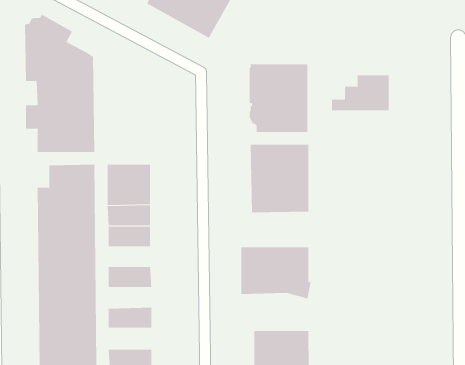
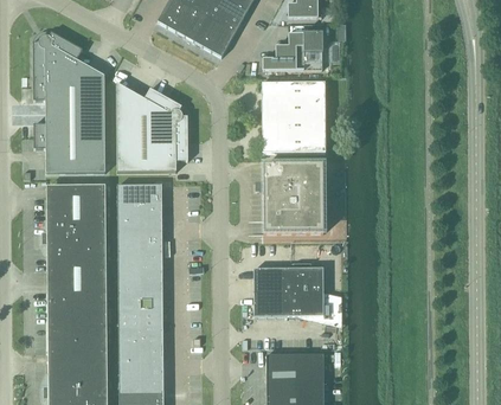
building: none -> [116,82,188,172]
building: [331,75,389,111] -> [263,32,322,69]
building: none -> [118,268,162,288]
building: none -> [118,309,163,330]
building: none -> [118,351,163,372]

